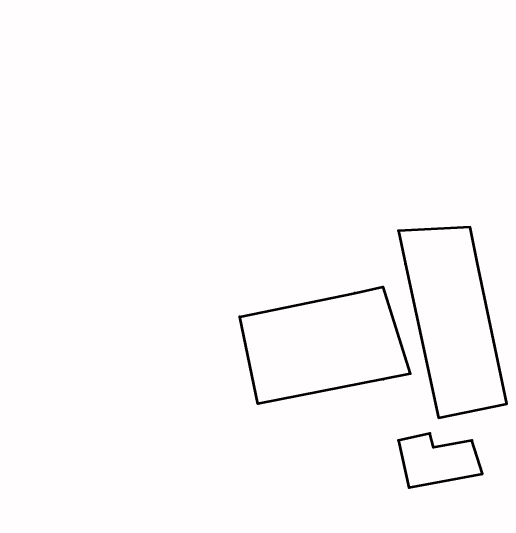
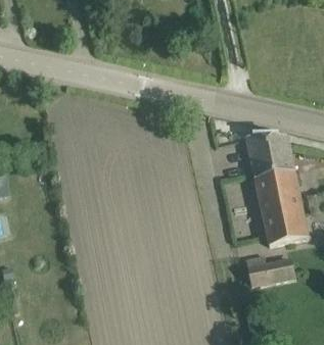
building: [240,287,410,404] -> none

